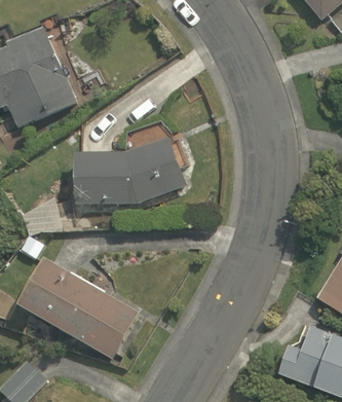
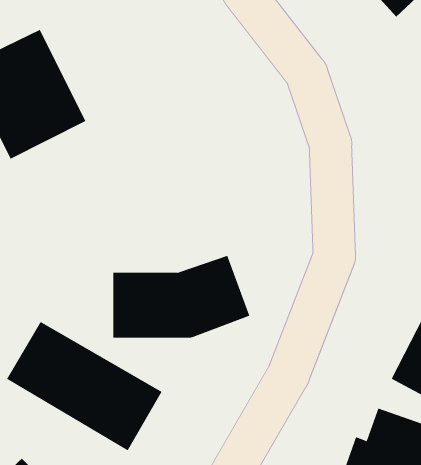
building: [74,140,182,205] -> [112,255,250,338]

